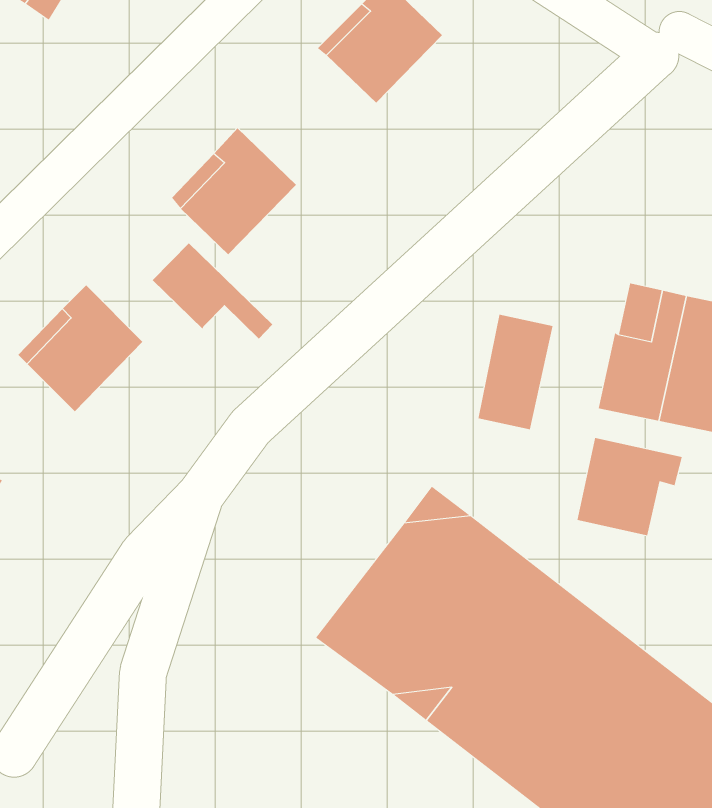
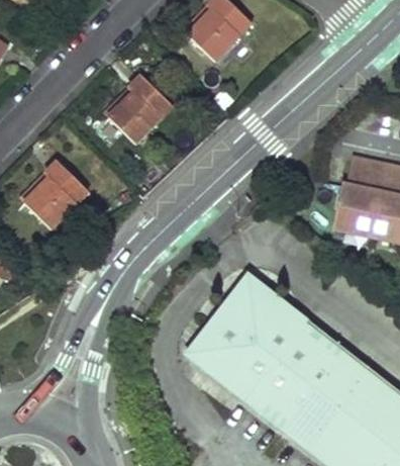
building: [152,243,273,340] -> none
building: [478,314,553,430] -> none
building: [577,437,682,536] -> none

